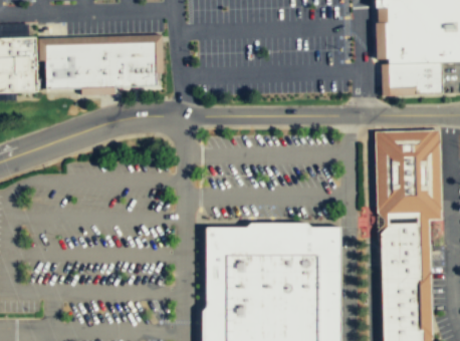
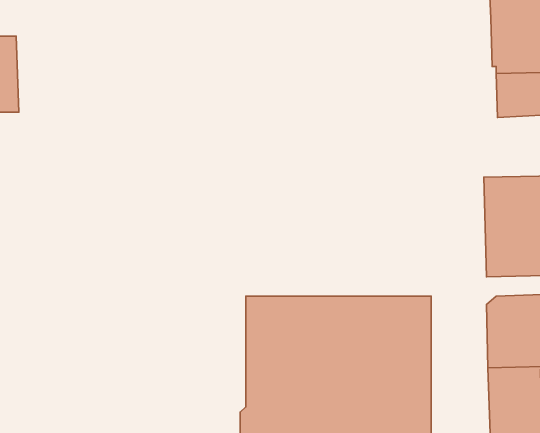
building: [47,41,160,88] -> none

